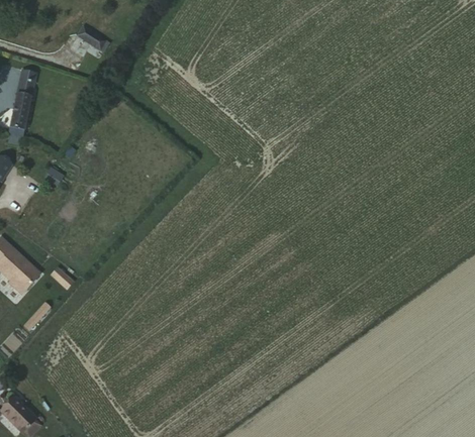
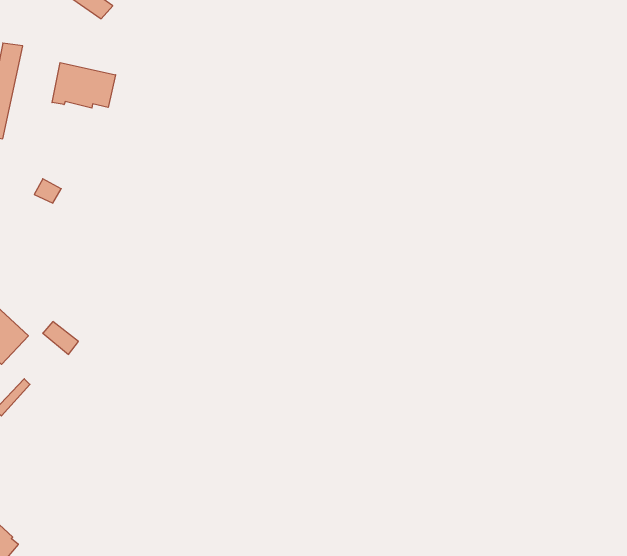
building: none -> [52,63,116,108]

